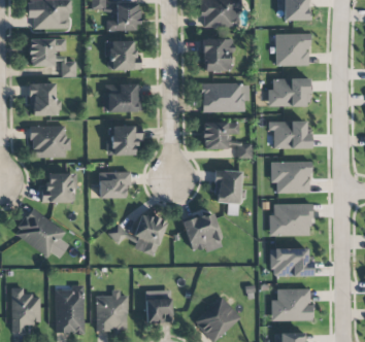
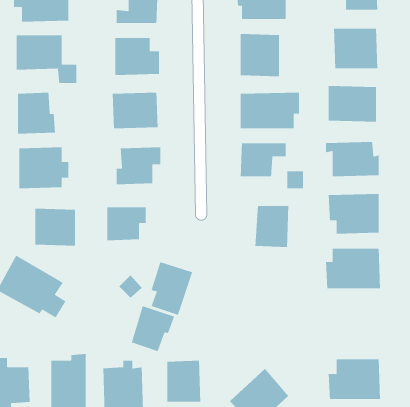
building: [181,211,223,254] -> none
building: none -> [131,305,175,352]
building: [270,247,310,276] -> none

